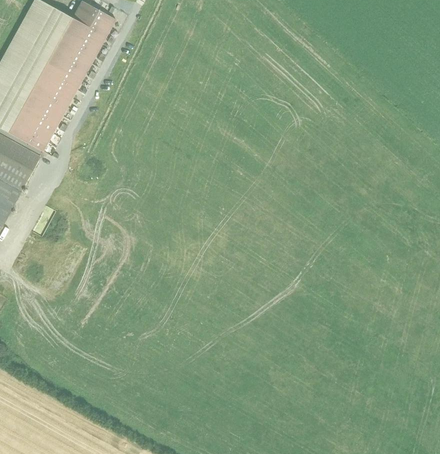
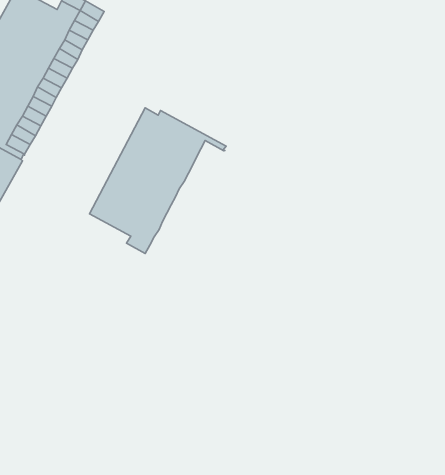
building: none -> [90,108,226,253]

